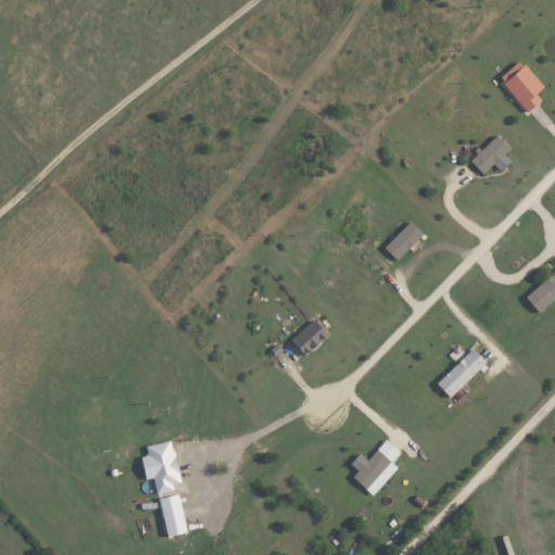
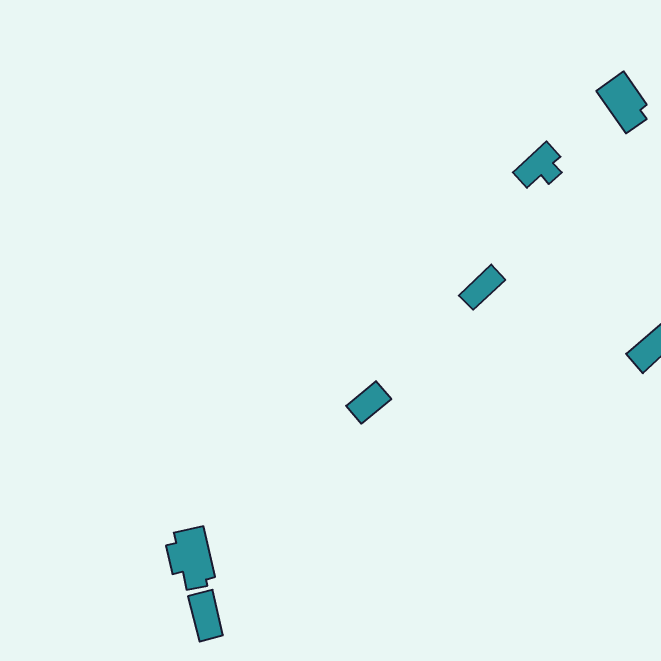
building: [470,134,512,173] -> [513,141,562,188]
building: [436,348,487,398] -> none
building: [350,439,401,496] -> none

